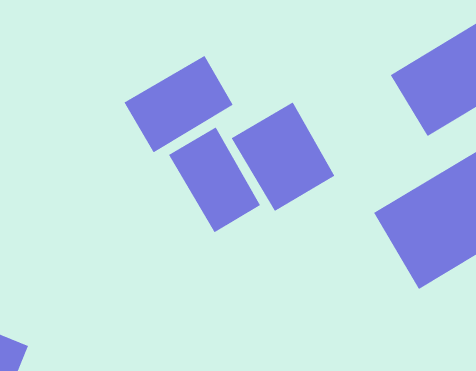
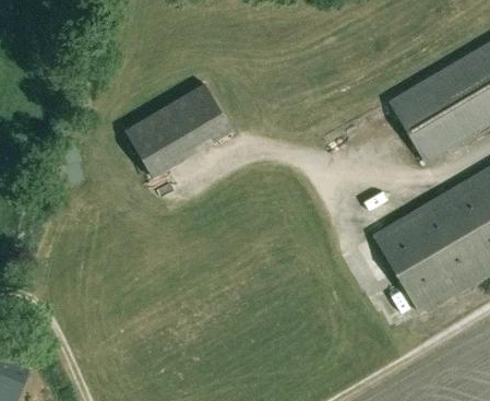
building: [231,102,335,212] -> none
building: [168,127,261,233] -> none

